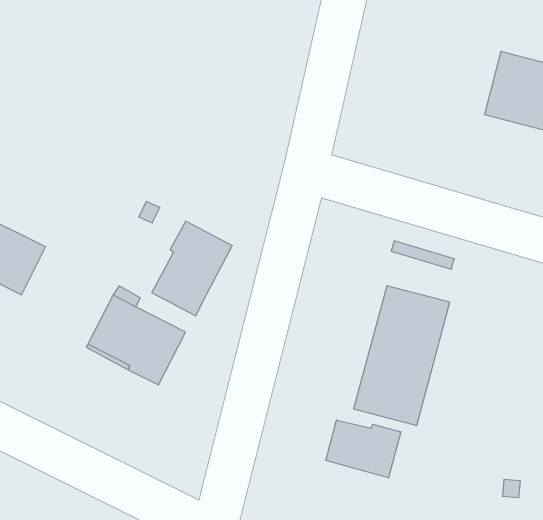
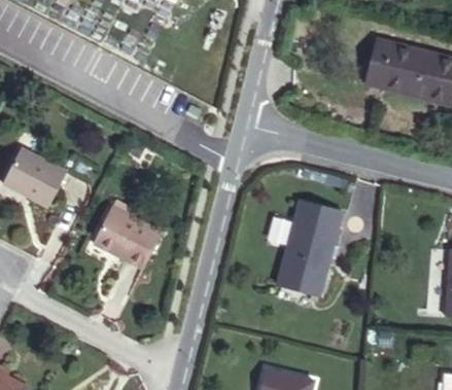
building: [152,221,232,316] -> none
building: [326,420,401,478] -> none

